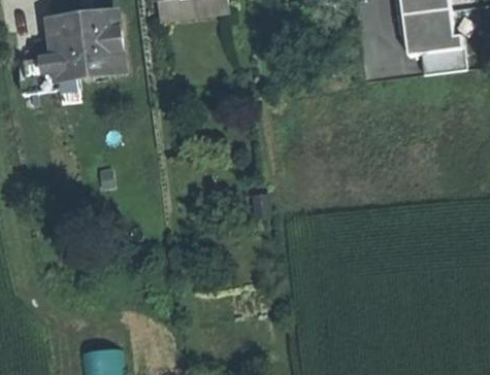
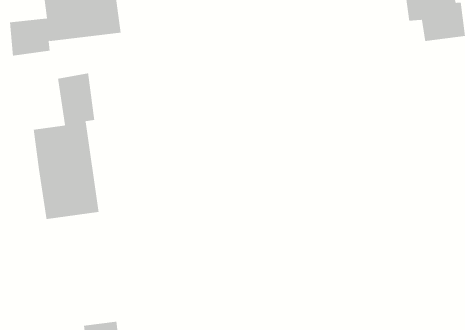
building: none -> [33,72,99,220]

